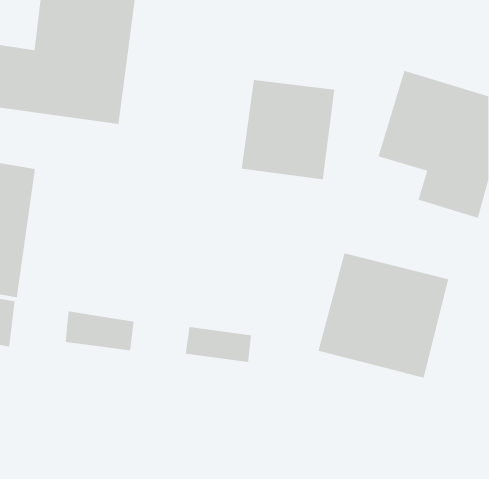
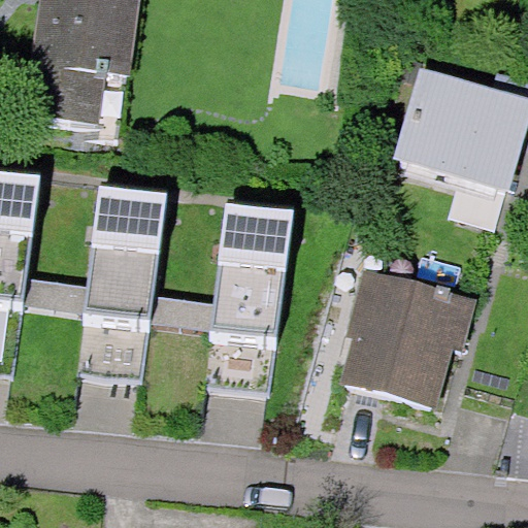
building: [241,79,335,180] -> none
building: none -> [72,182,163,338]
building: none -> [202,198,289,351]

